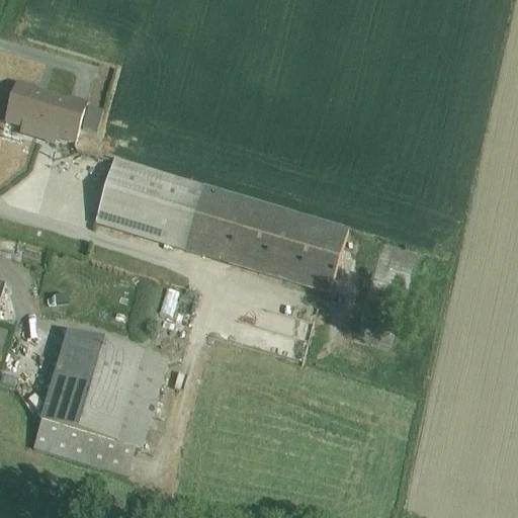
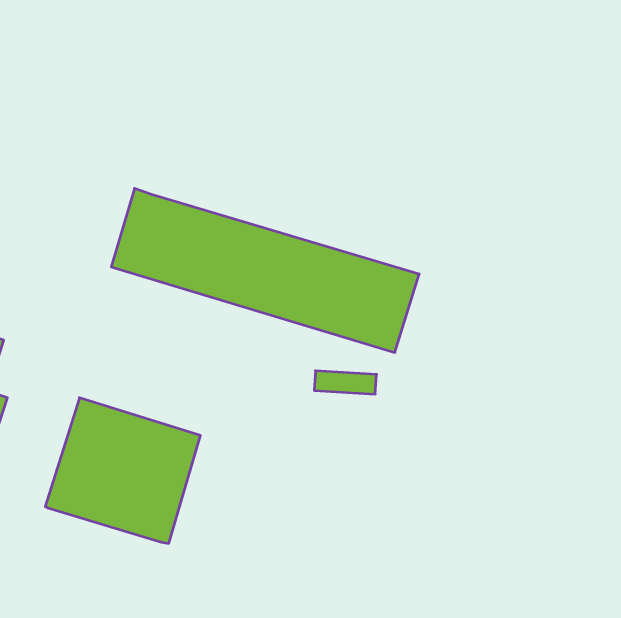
building: [4,84,101,143] -> none
building: [31,420,134,476] -> none

